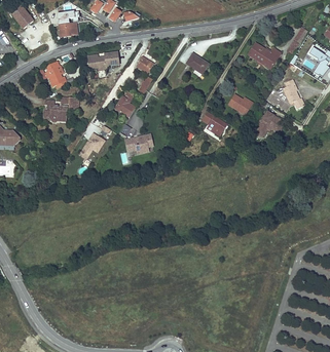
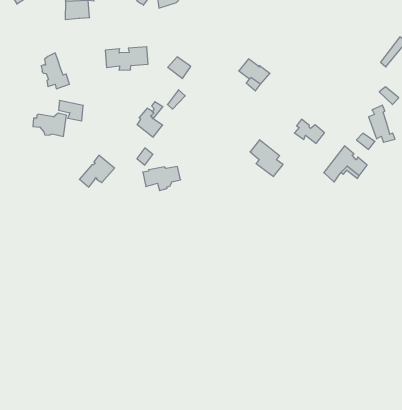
building: [249,43,282,69] -> none

